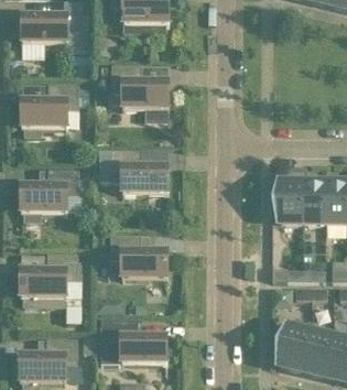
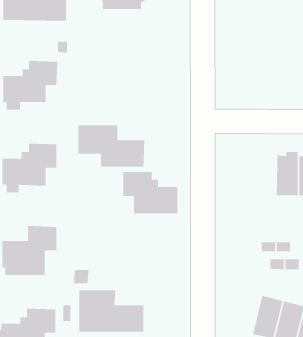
building: [111,65,169,109] -> none
building: [280,176,304,224] -> none
building: [110,235,167,279] -> [122,171,178,214]

